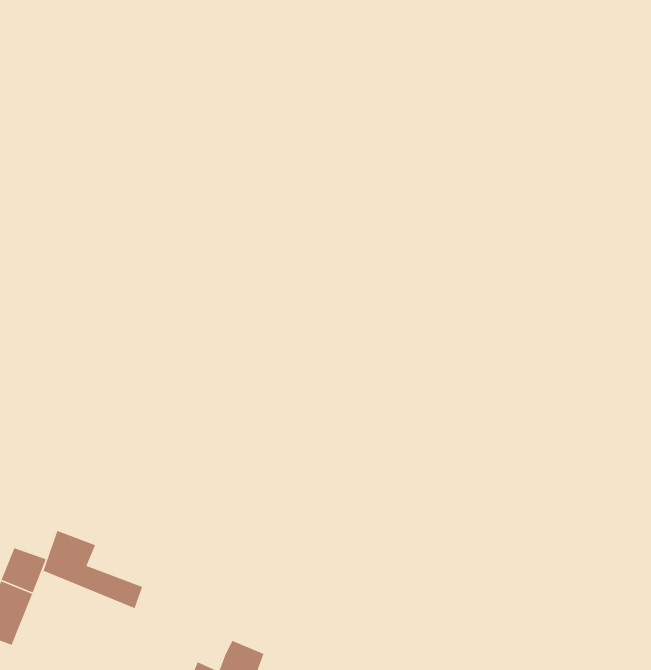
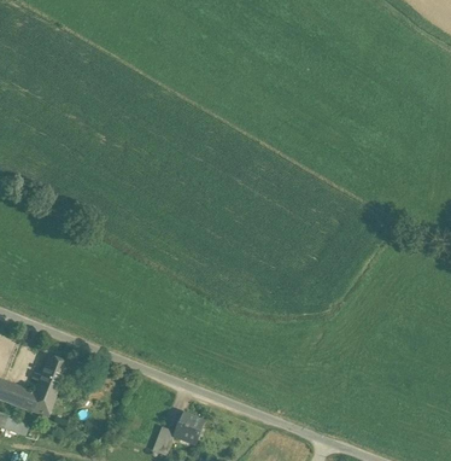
building: [42,530,143,609] -> none

